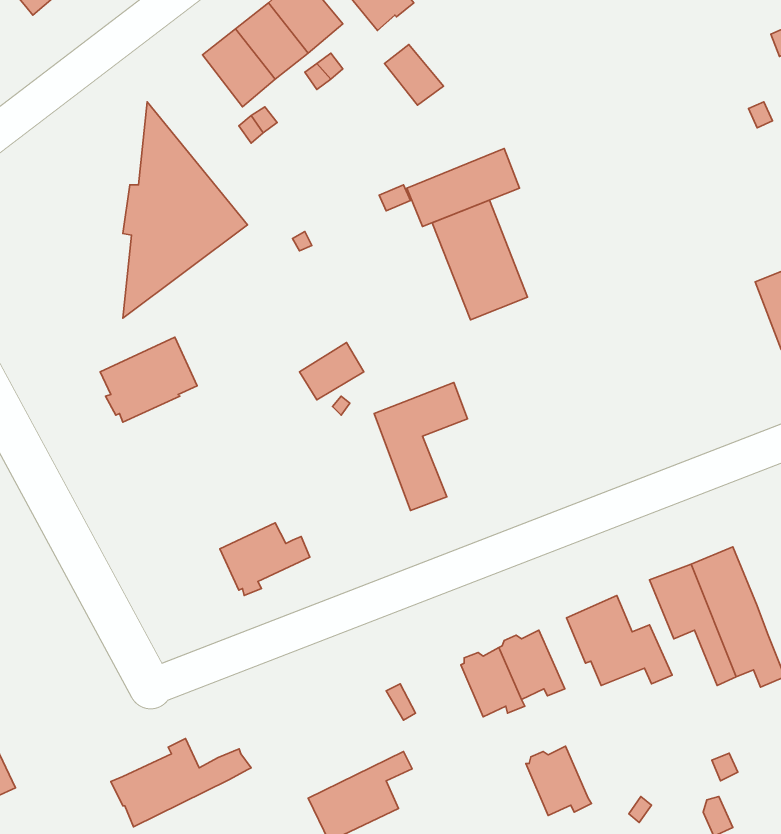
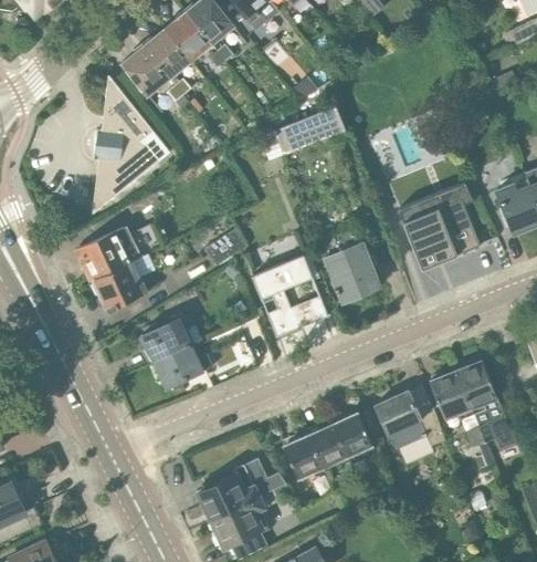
building: none -> [122,45,169,95]
building: [432,200,528,320] -> [319,225,380,301]
building: none -> [403,198,480,269]
building: none -> [93,262,147,308]
building: none -> [143,311,201,361]
building: [111,738,251,827] -> [197,464,286,520]
building: [526,746,592,816] -> [283,435,325,479]

